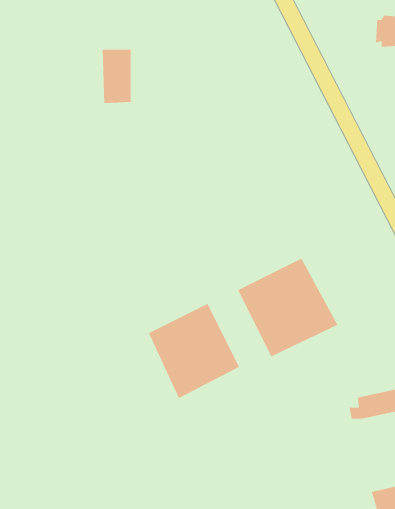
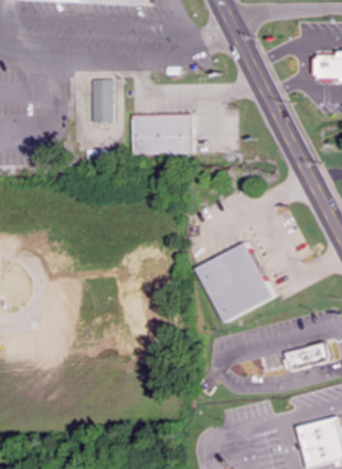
building: none -> [131,114,193,153]
building: [148,303,240,399] -> none

